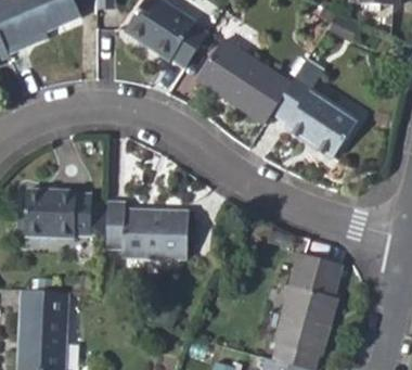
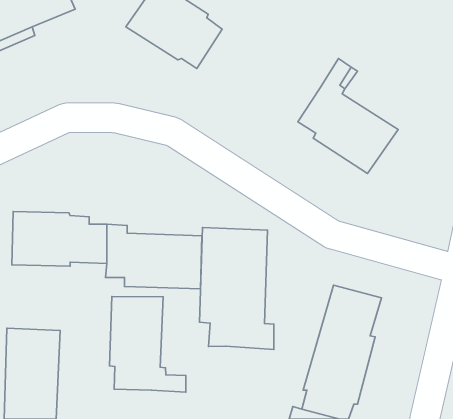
building: [195,40,289,124] -> none
building: none -> [199,228,274,349]
building: none -> [110,296,186,392]

